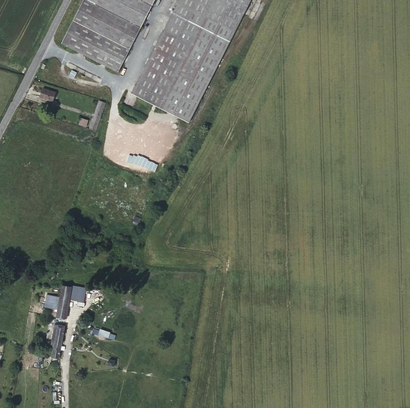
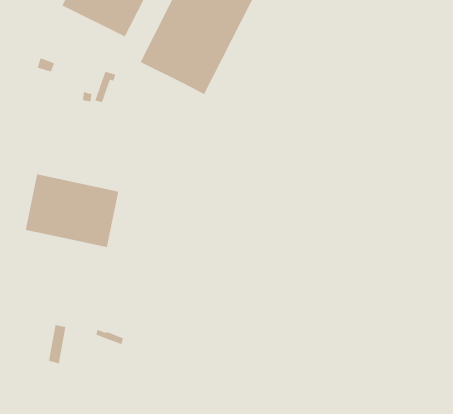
building: none -> [25,174,119,248]
building: [45,284,87,319] -> none

